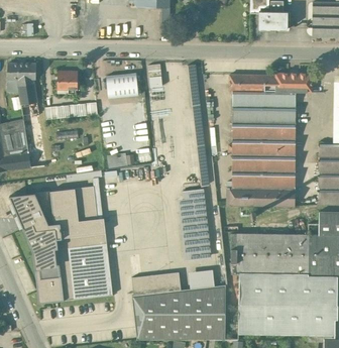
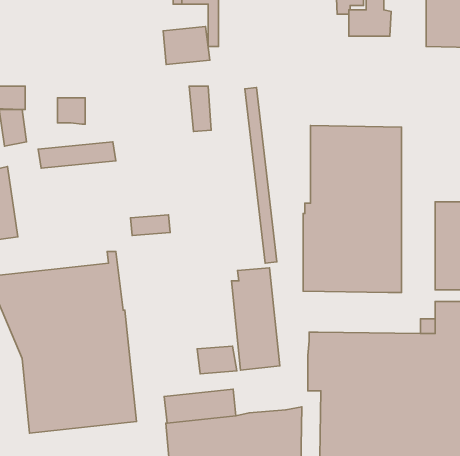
building: [106,73,138,99] -> [163,26,210,64]
building: [229,73,313,92] -> none
building: [188,269,215,288] -> [197,346,237,374]

